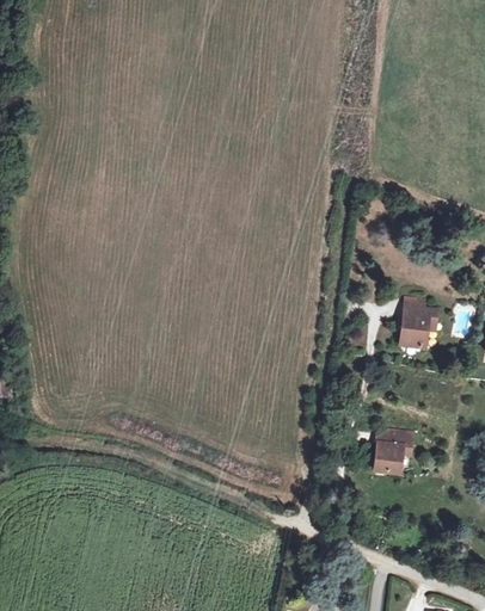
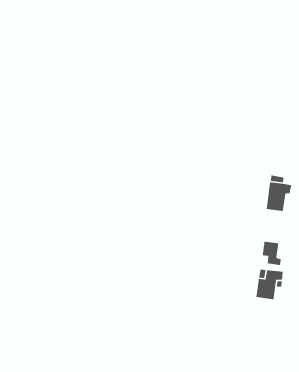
building: none -> [262,241,282,266]

